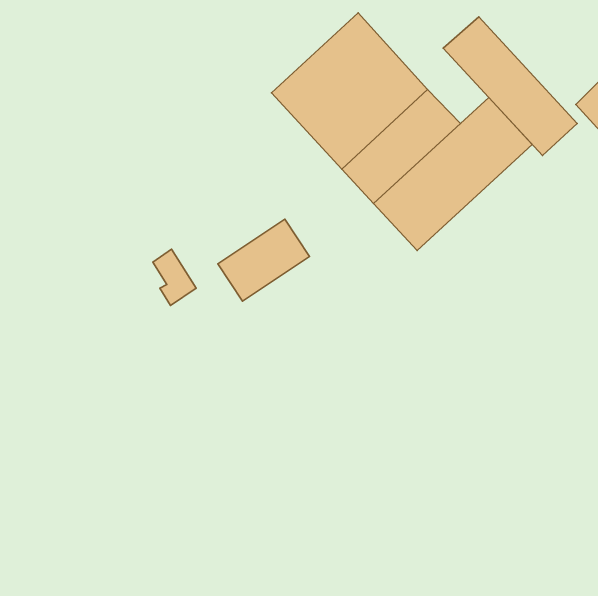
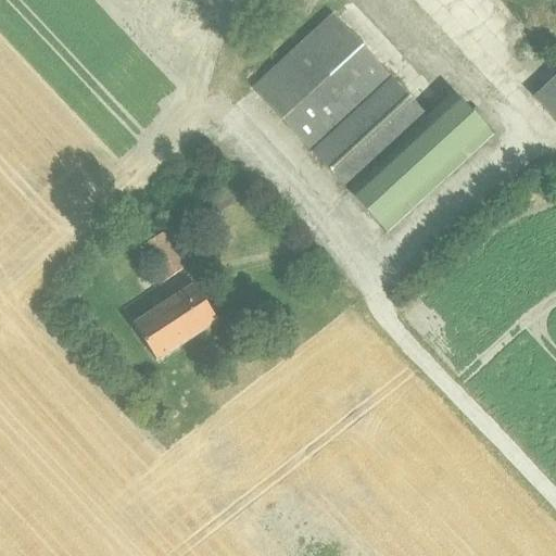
building: [443,17,577,155] -> none
building: [218,219,309,301] -> [132,282,217,358]

